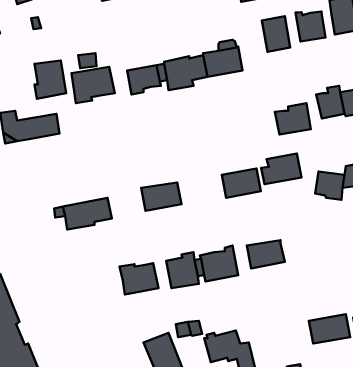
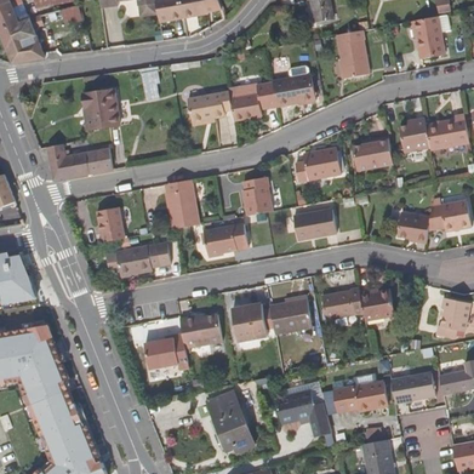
building: [295,11,326,42] -> none
building: [72,67,115,103] -> none
building: none -> [240,177,272,216]
building: none -> [164,179,199,229]
building: [261,154,301,184] -> [296,148,341,182]
building: none -> [96,207,122,233]
building: none -> [358,290,394,321]
building: none -> [143,333,188,370]
building: none -> [331,381,387,413]

